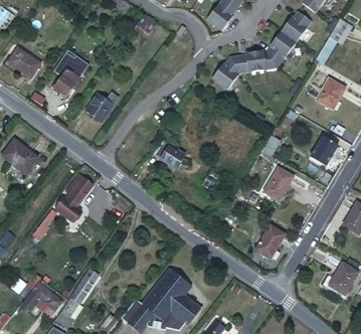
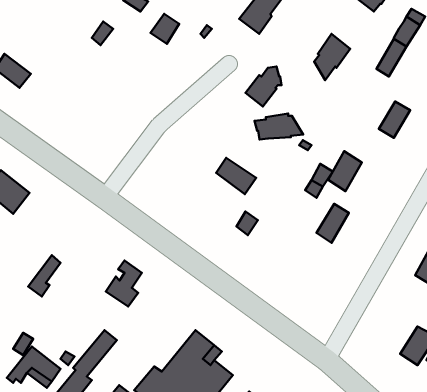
building: [281,13,311,43] -> none
building: [52,49,88,95] -> none
building: [236,51,276,72] -> [255,113,303,140]
building: [83,90,117,120] -> none
building: [314,135,341,167] -> [328,151,362,191]
building: [154,140,186,169] -> [216,158,256,194]
building: [60,184,89,221] -> [106,260,142,307]
building: [261,223,289,252] -> none

